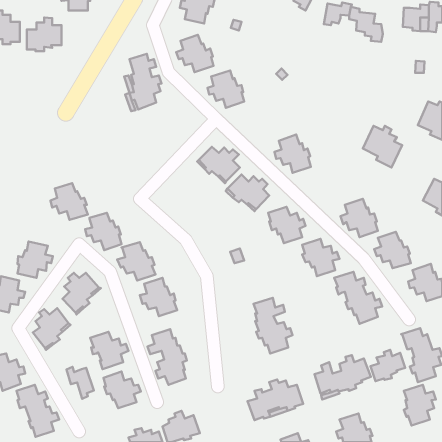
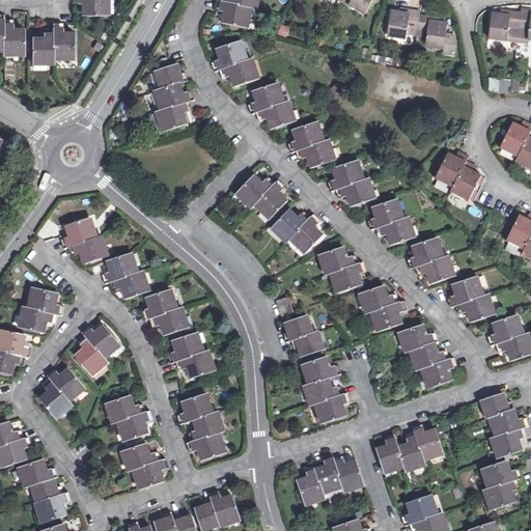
building: none -> [287,122,331,167]
building: none -> [368,200,412,245]
building: none -> [283,315,323,356]
building: [371,350,405,381] -> none
building: [66,367,94,399] -> none

